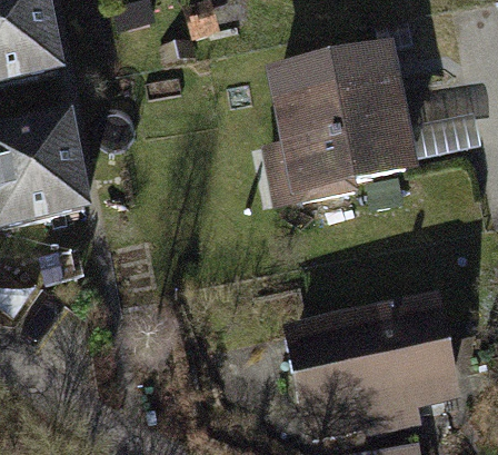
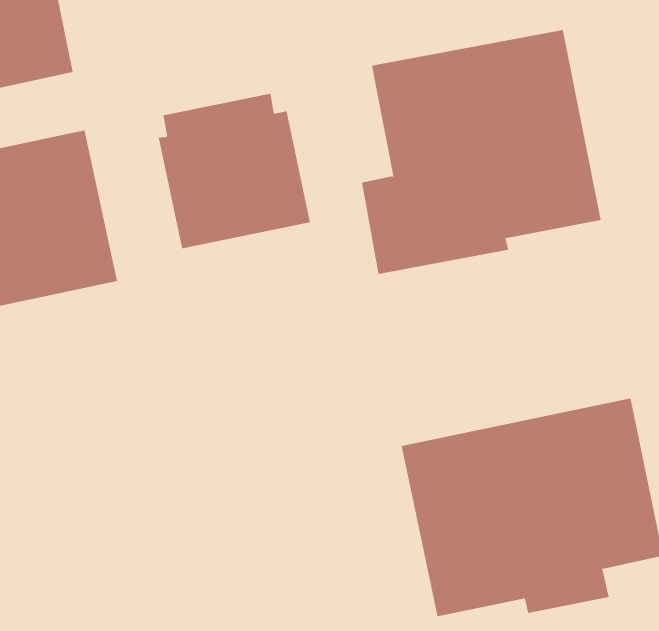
building: none -> [158,93,311,249]

